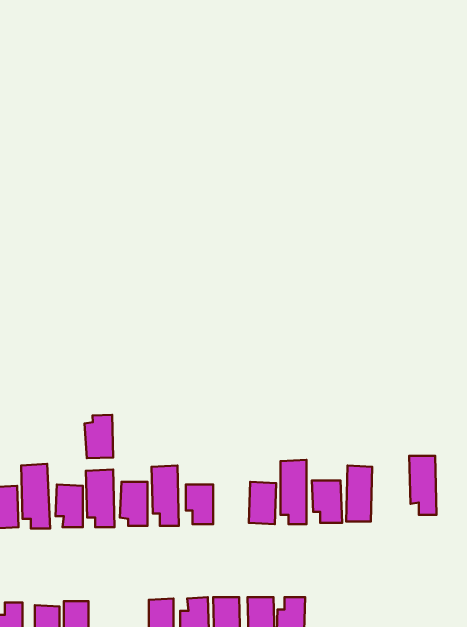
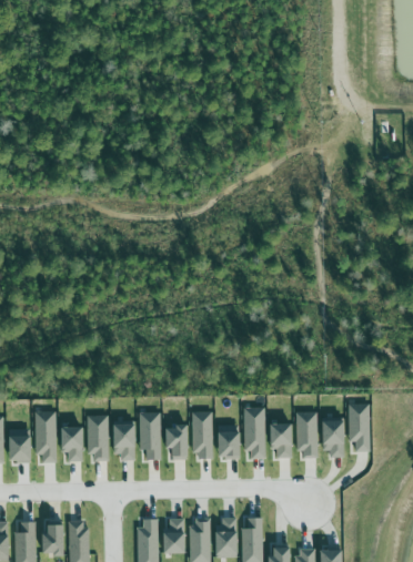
building: [85,415,113,458] -> none
building: none -> [192,411,212,459]
building: none -> [323,421,345,454]

